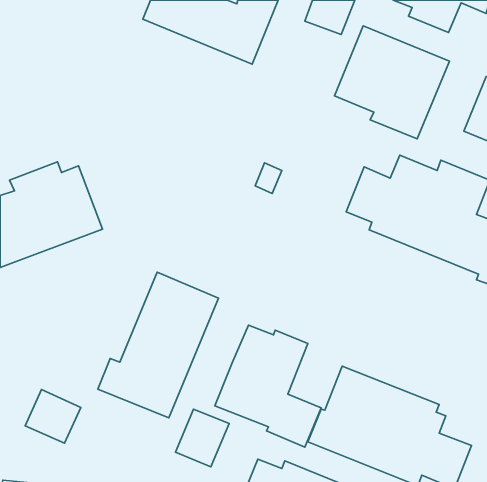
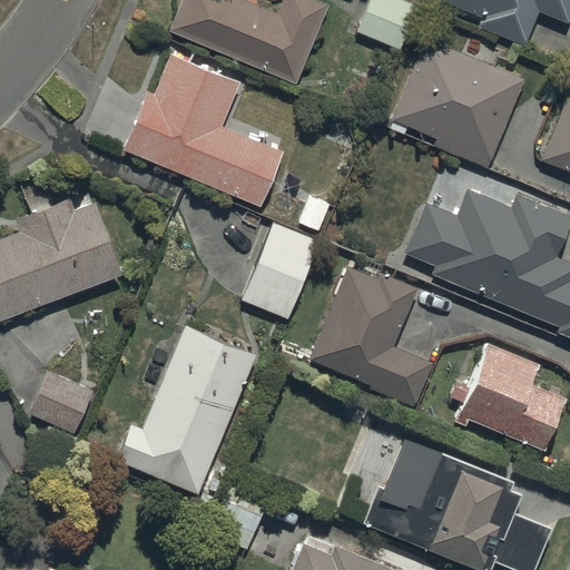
building: none -> [122,53,283,207]
building: none -> [242,224,318,320]
building: none -> [458,343,564,450]
building: [215,325,321,447] -> [309,267,433,409]
building: [25,389,81,443] -> [29,372,94,434]

